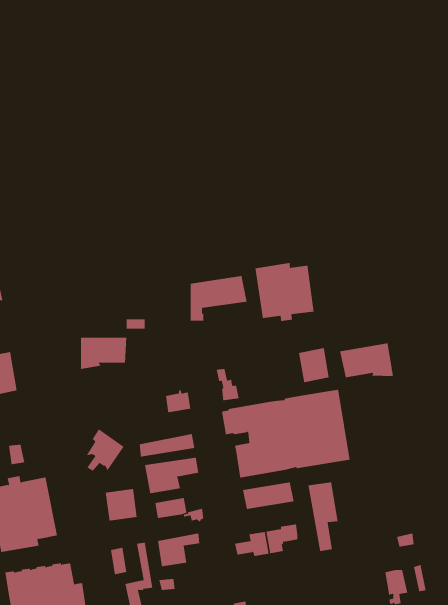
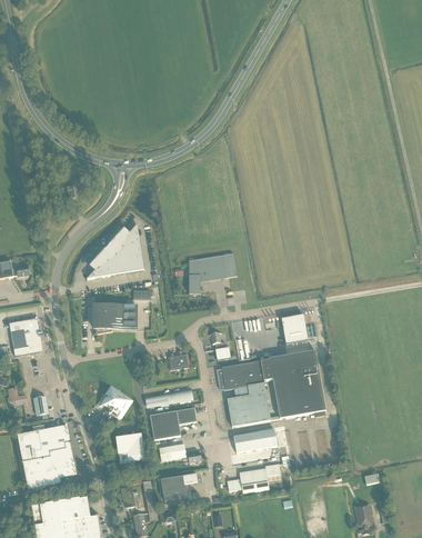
building: none -> [86,222,143,278]
building: [255,262,314,322] -> none
building: [339,343,394,378] -> none
building: [308,481,338,552] -> none

